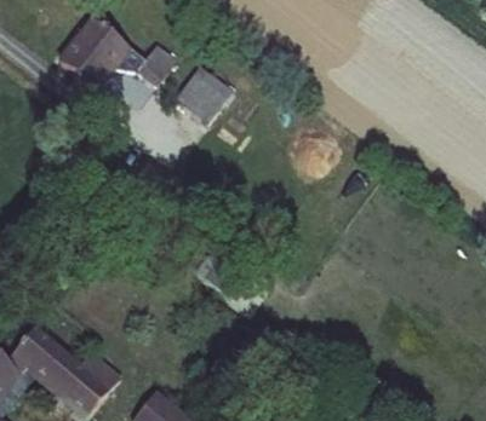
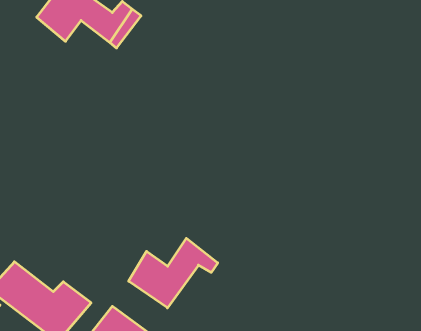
building: [176,70,236,131] -> none
building: none -> [129,238,218,308]

